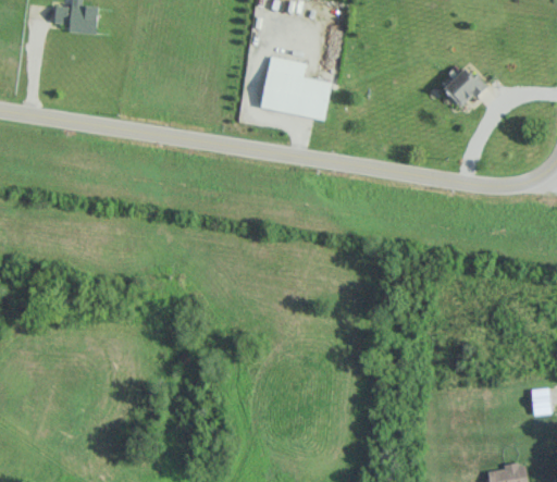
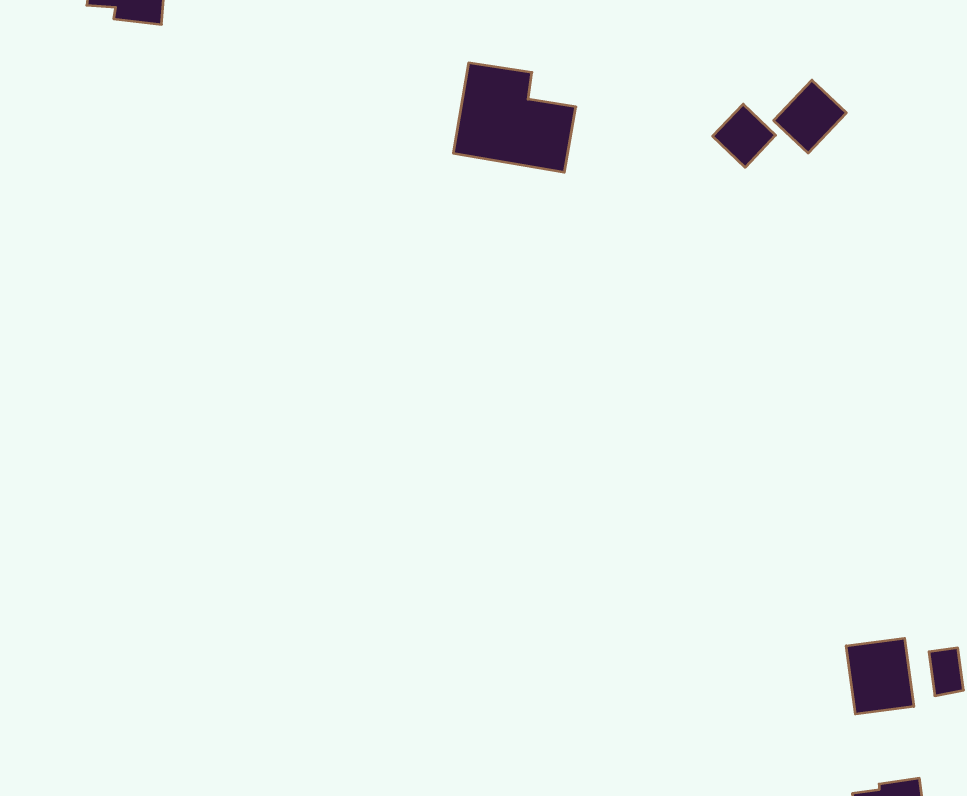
building: none -> [713,104,776,167]
building: none -> [846,638,914,714]

